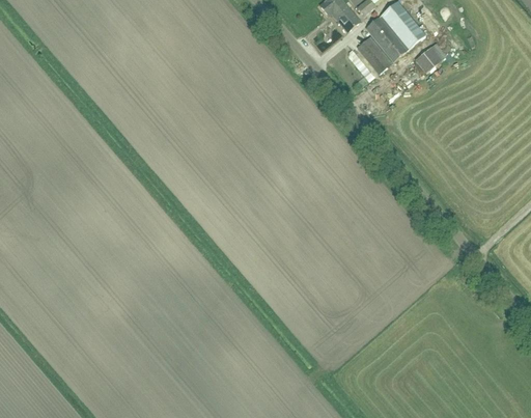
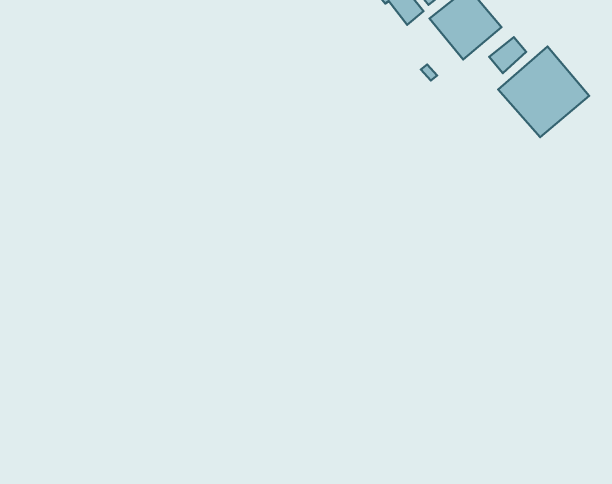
building: [357,36,391,74] -> none
building: none -> [498,47,589,137]

